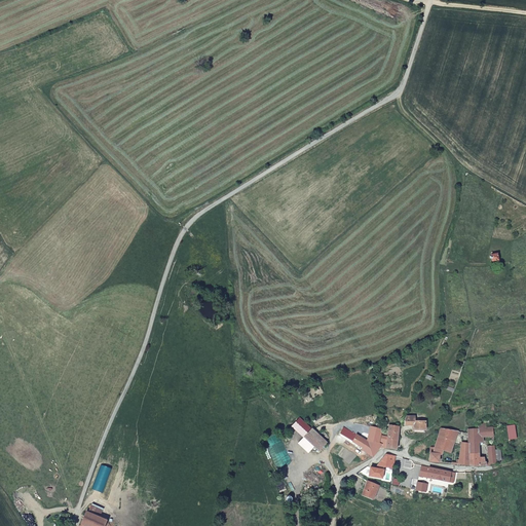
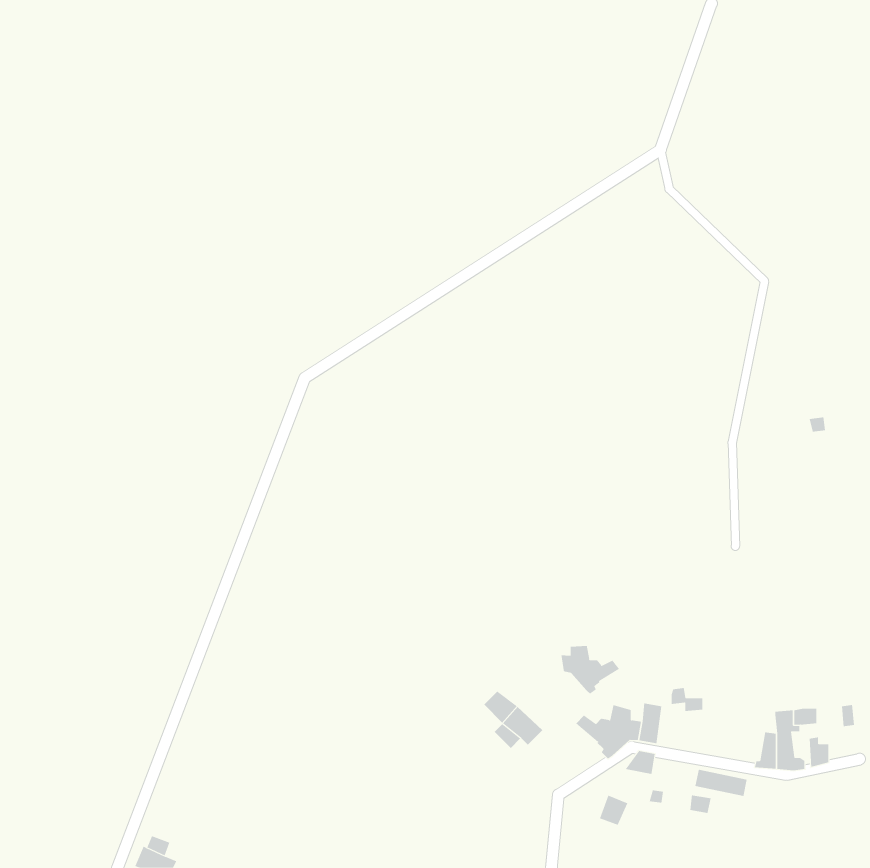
building: none -> [561,645,620,695]
building: [428,428,460,461] -> none

